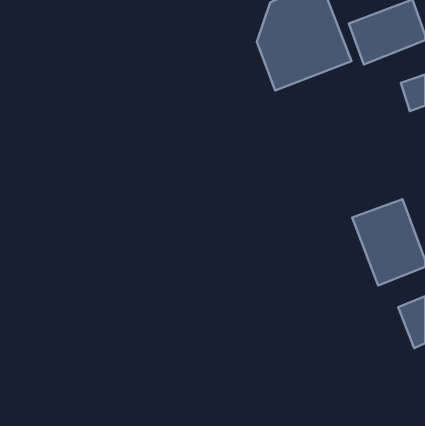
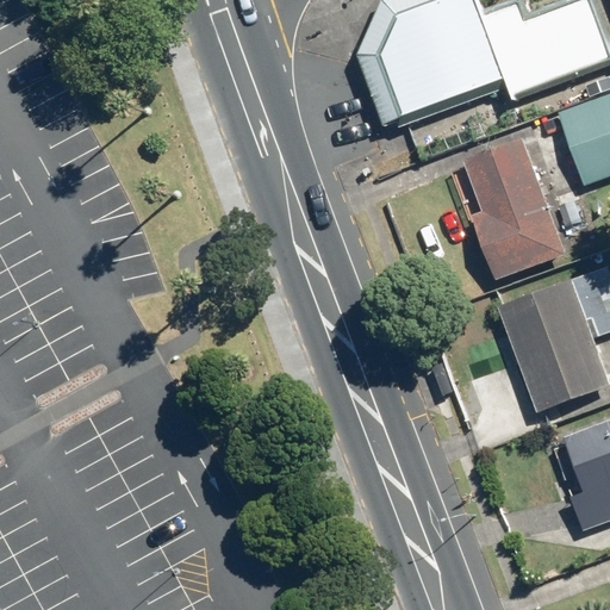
building: none -> [453,143,560,270]

